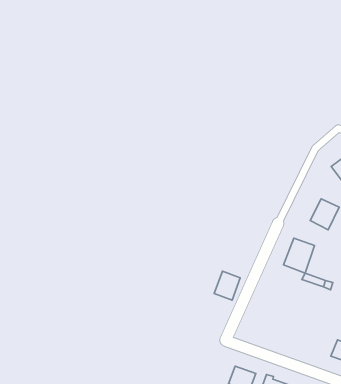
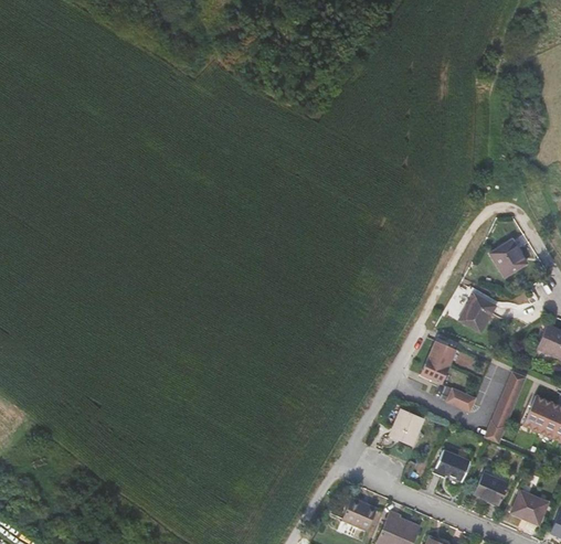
building: [214,271,240,300] -> [389,408,423,446]
building: none -> [433,450,469,481]

